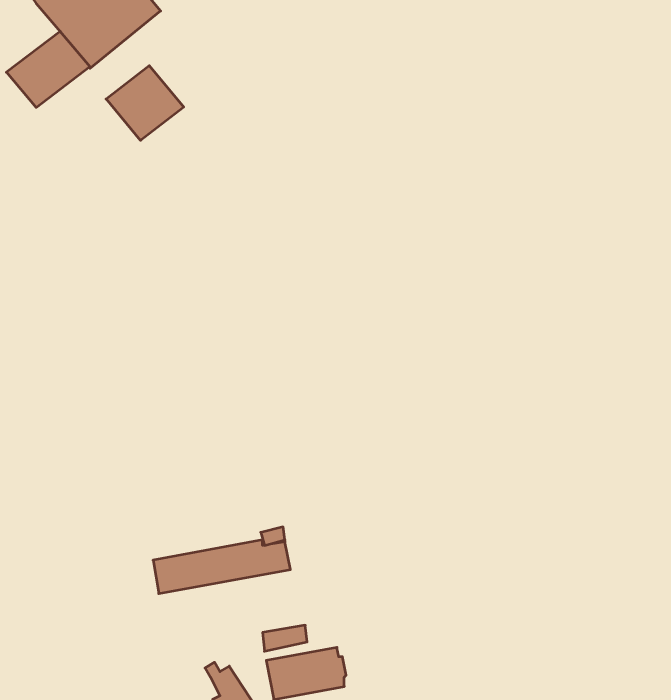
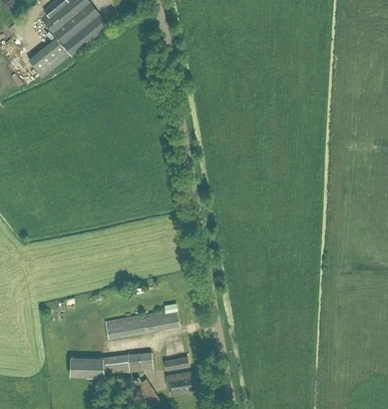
building: [106,66,184,140] -> none
building: none -> [69,352,153,378]

